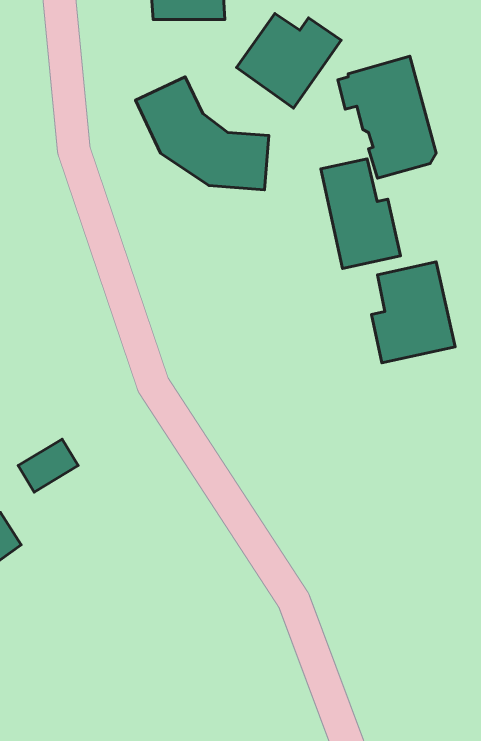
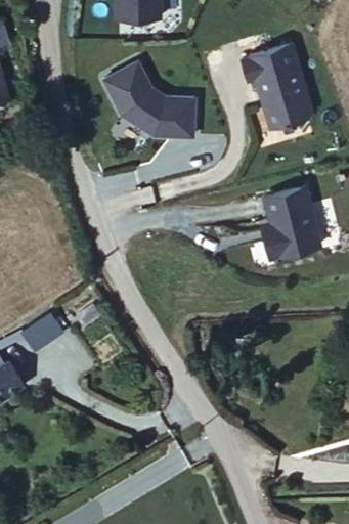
building: [236,13,341,108] -> none
building: [321,159,400,268] -> none

